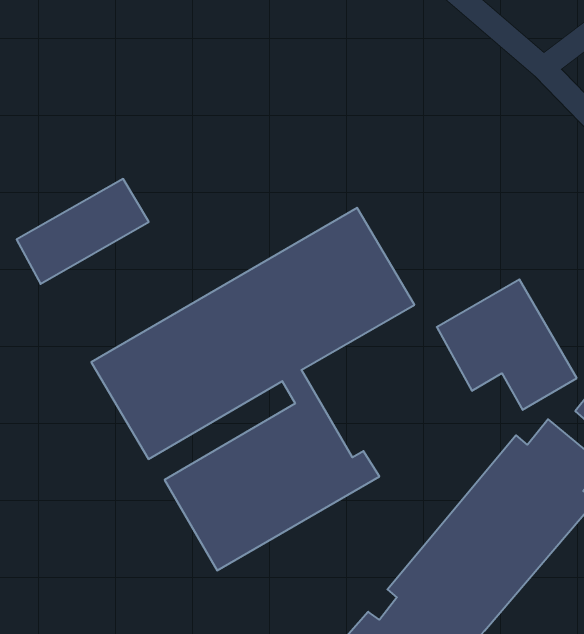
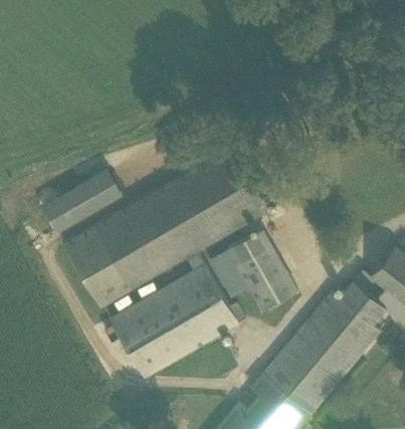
building: [17,179,149,284] -> [43,167,127,233]
building: [437,279,577,410] -> [208,229,296,311]

